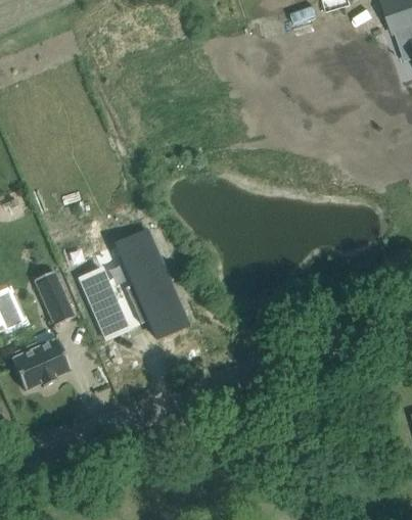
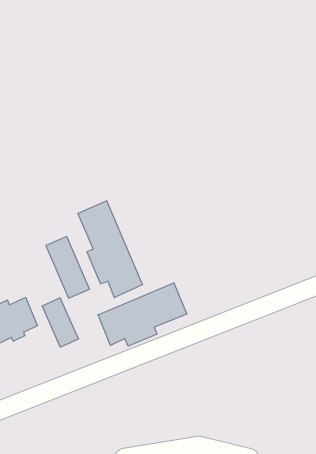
building: [34,270,75,325] -> [42,298,79,347]
building: none -> [98,283,187,346]

